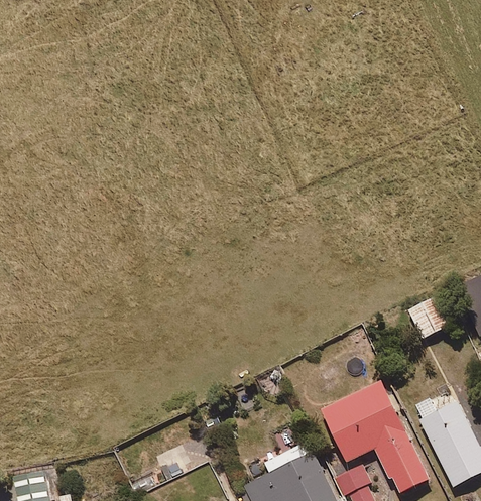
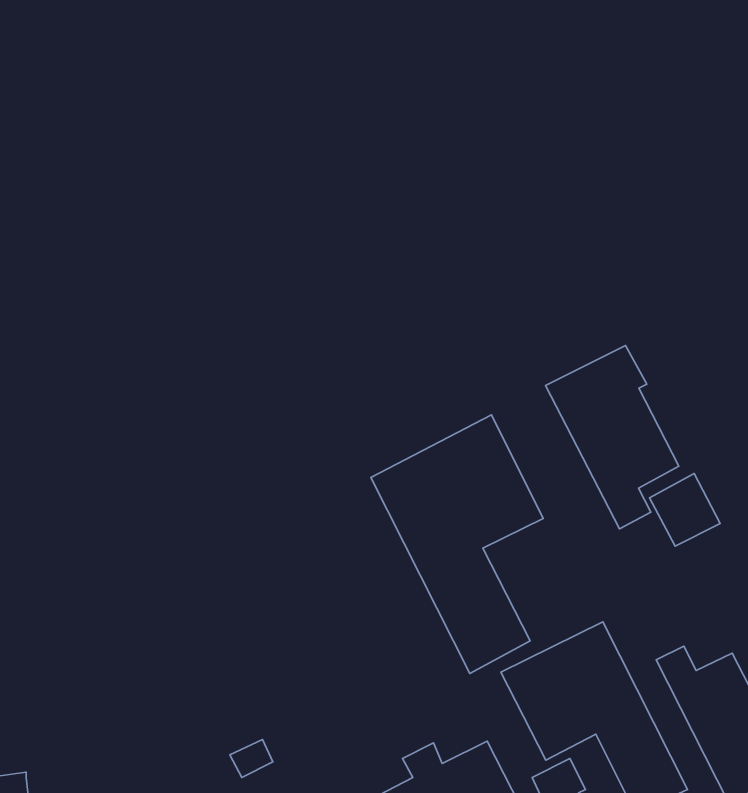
building: none -> [546,346,679,529]
building: none -> [371,415,543,673]

